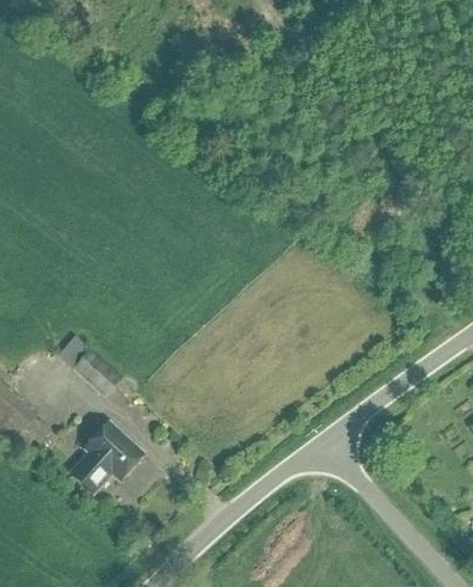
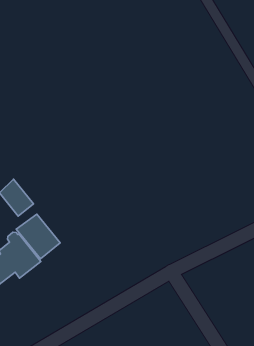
building: none -> [16,214,60,259]

